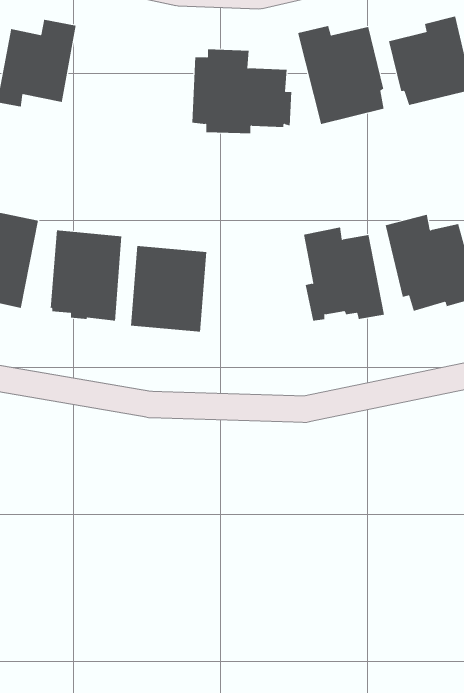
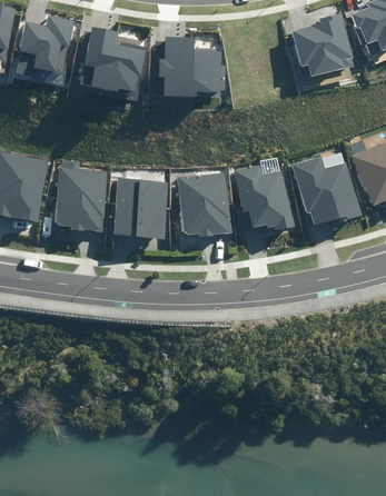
building: [297,25,384,125] -> none
building: none -> [80,28,148,97]
building: none -> [178,172,229,236]

